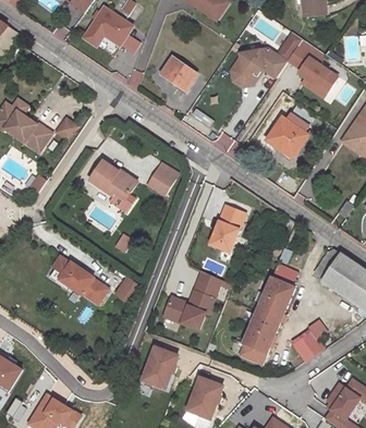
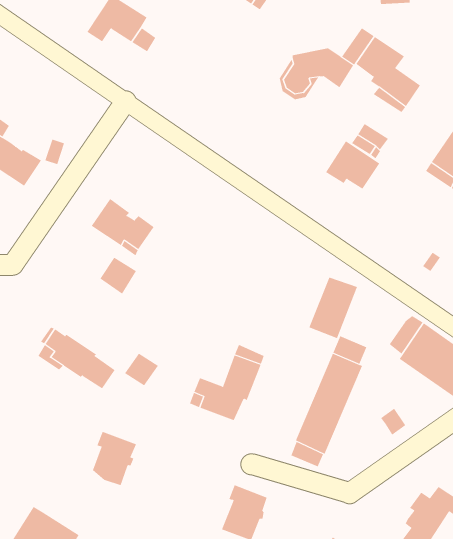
building: [160,57,197,90] -> none
building: [146,170,174,198] -> [99,257,137,294]
building: [209,206,246,253] -> [309,277,358,339]
building: [291,331,321,360] -> none
building: [144,346,178,388] -> [92,431,137,486]

